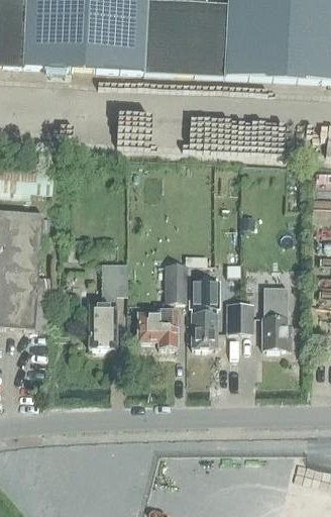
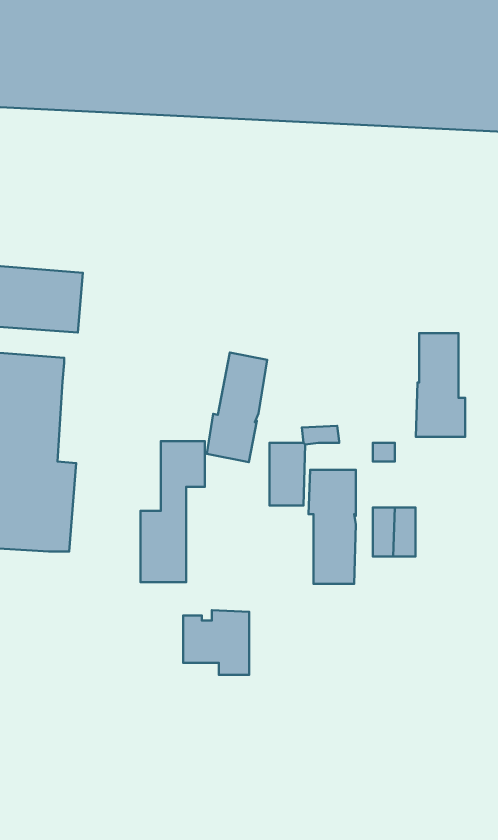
building: none -> [207,352,267,462]
building: [261,287,291,348] -> [416,333,465,437]
building: [137,310,177,348] -> [183,610,249,675]

